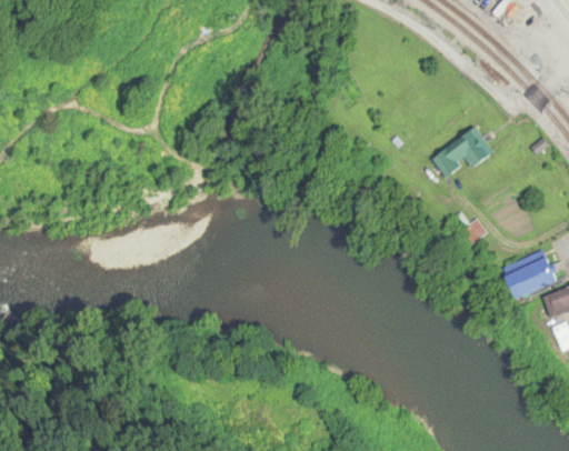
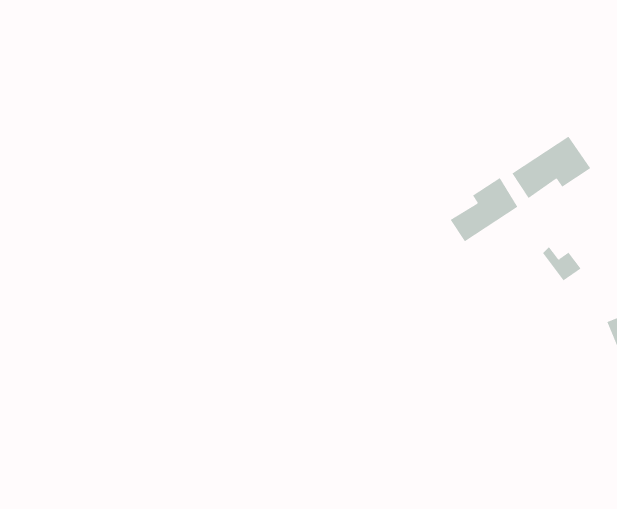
building: none -> [450,177,518,242]

